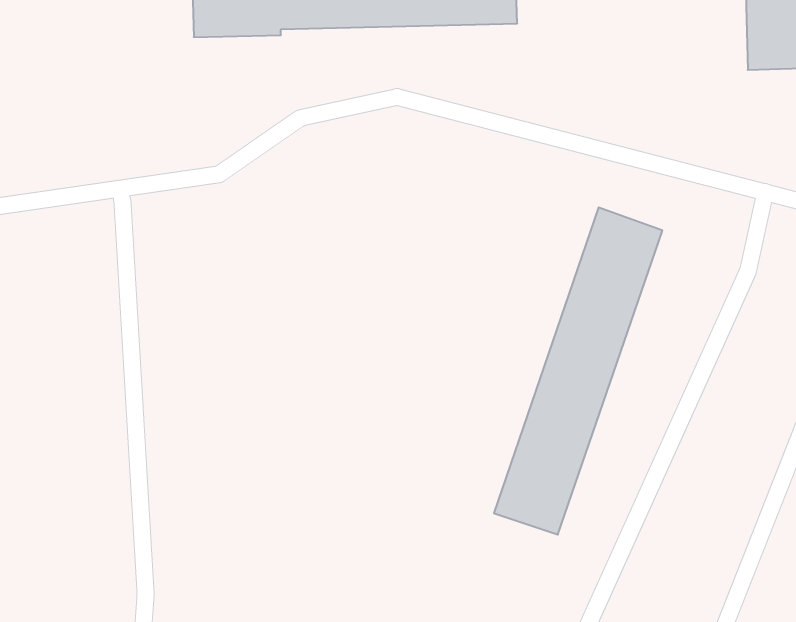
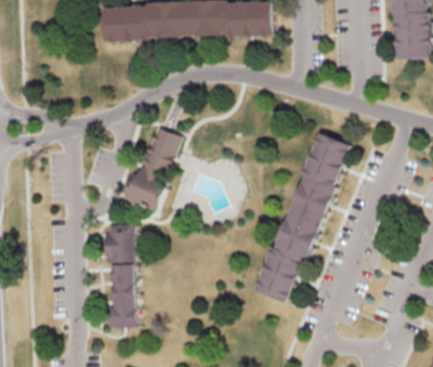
building: none -> [124,127,182,211]
building: none -> [109,225,134,327]

